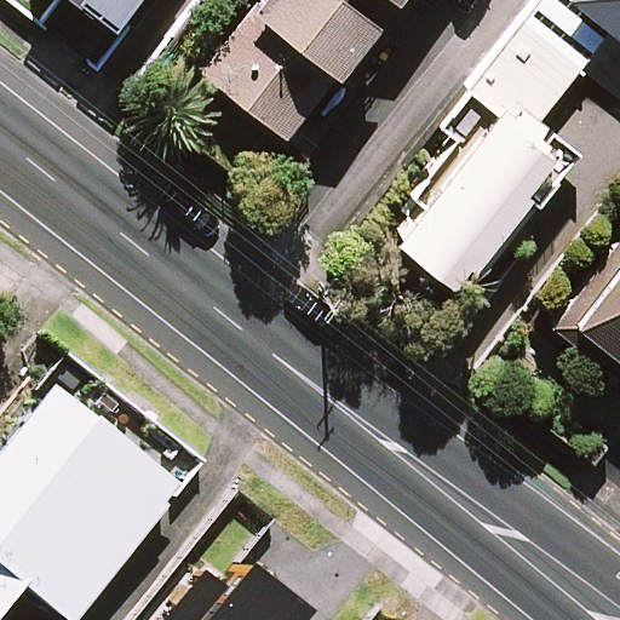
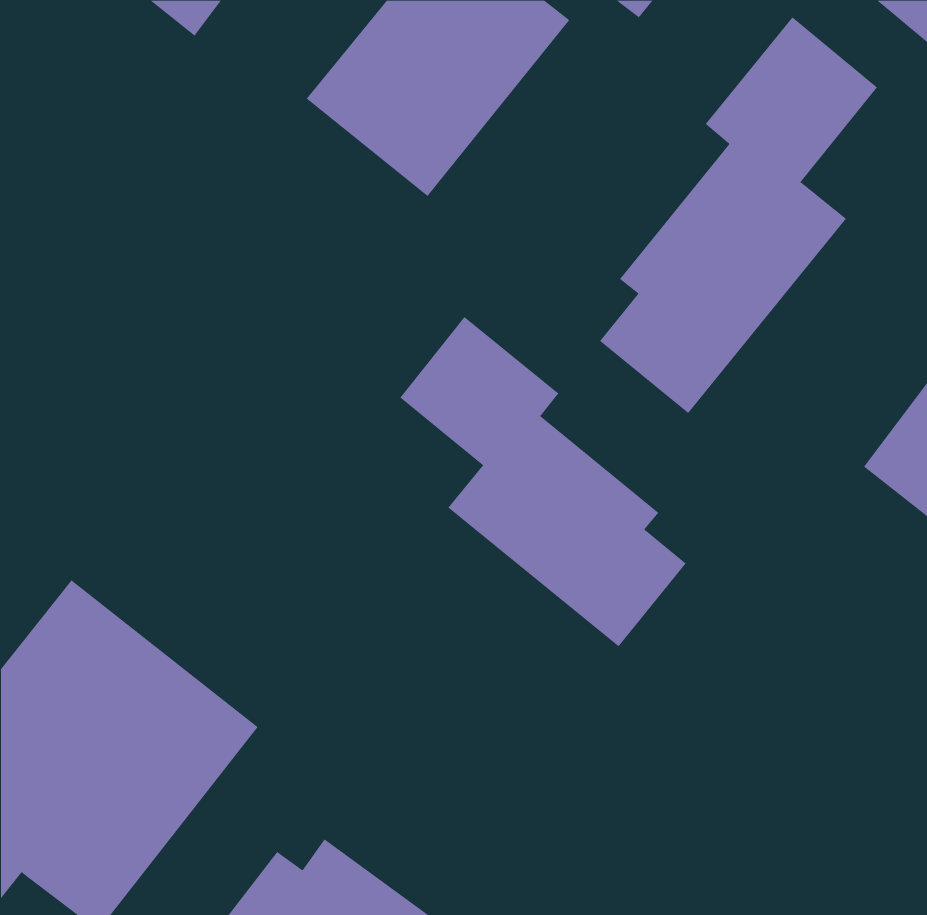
building: none -> [400,316,687,647]

